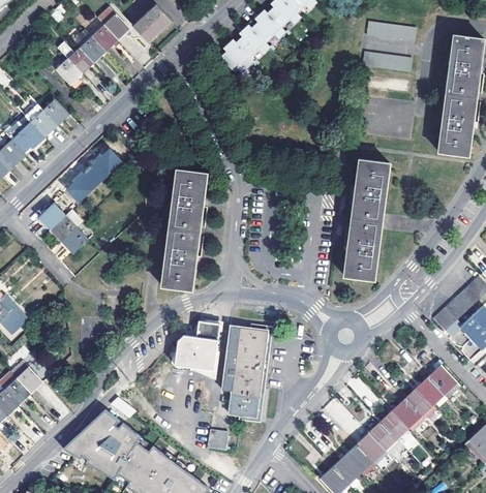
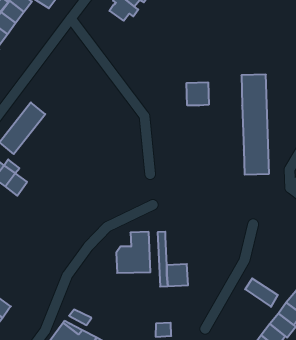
building: none -> [187,82,209,106]
building: [160,167,207,289] -> none
building: [235,326,264,368] -> none
building: [229,390,255,415] -> none

